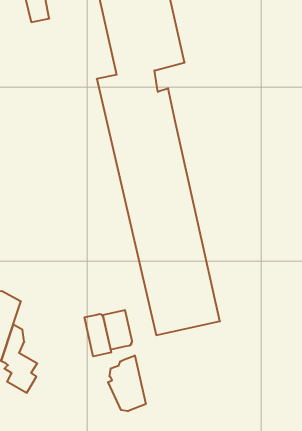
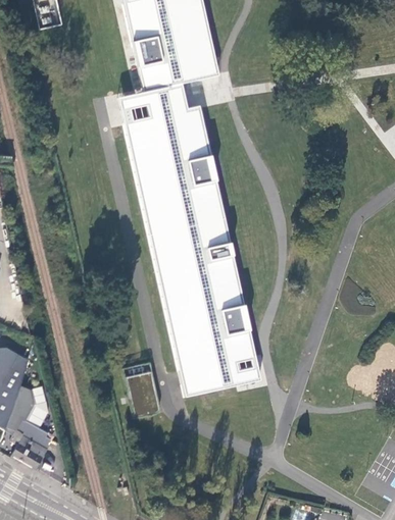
building: [85,314,111,356] -> none
building: [108,355,146,411] -> none

